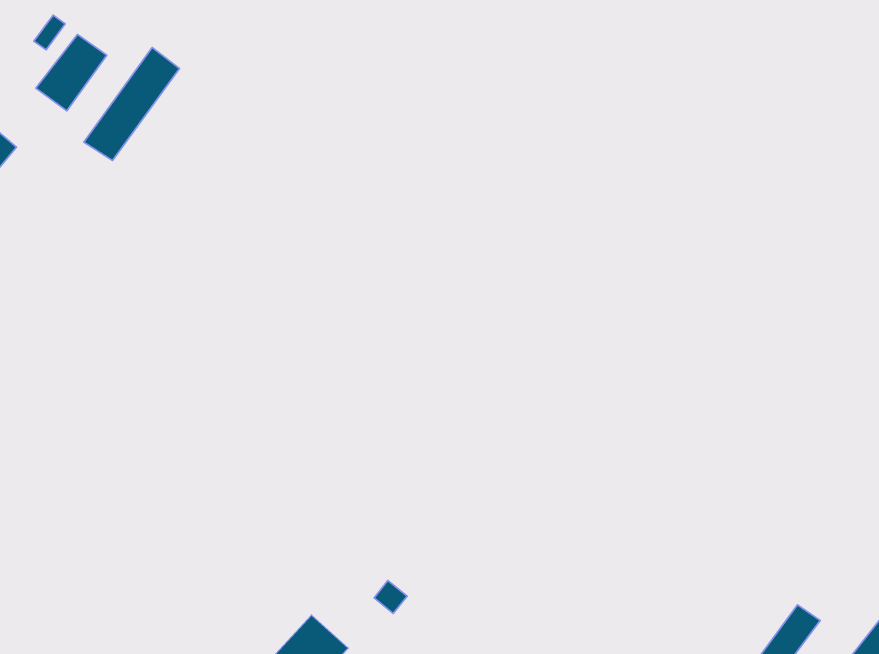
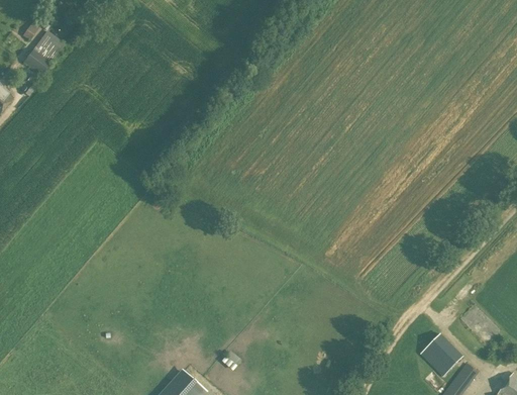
building: [84,47,179,161] -> none
building: none -> [419,332,462,376]

